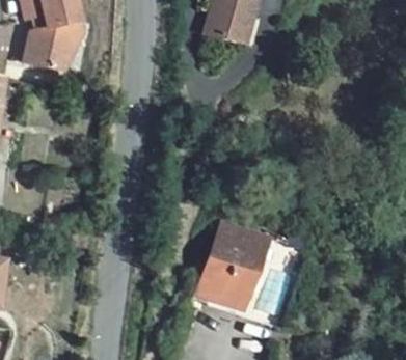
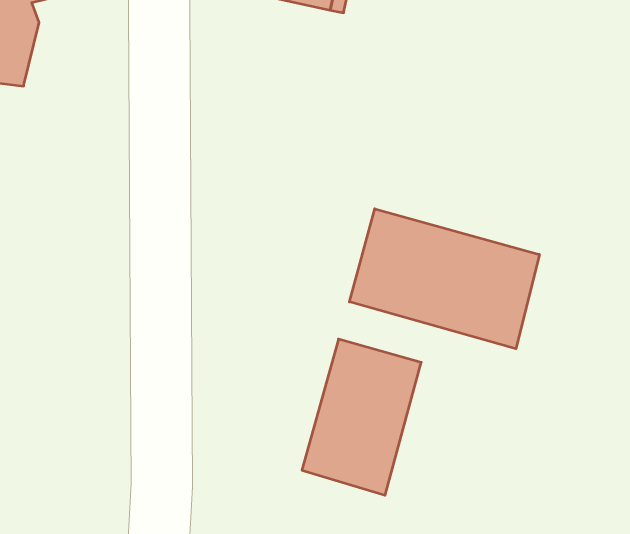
building: none -> [349,209,539,349]

